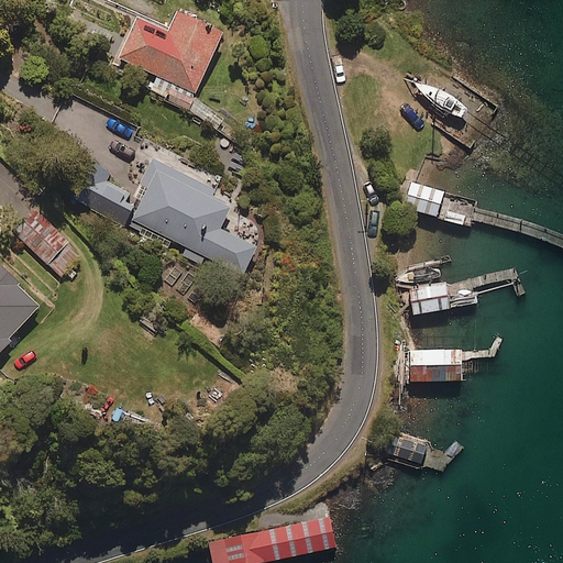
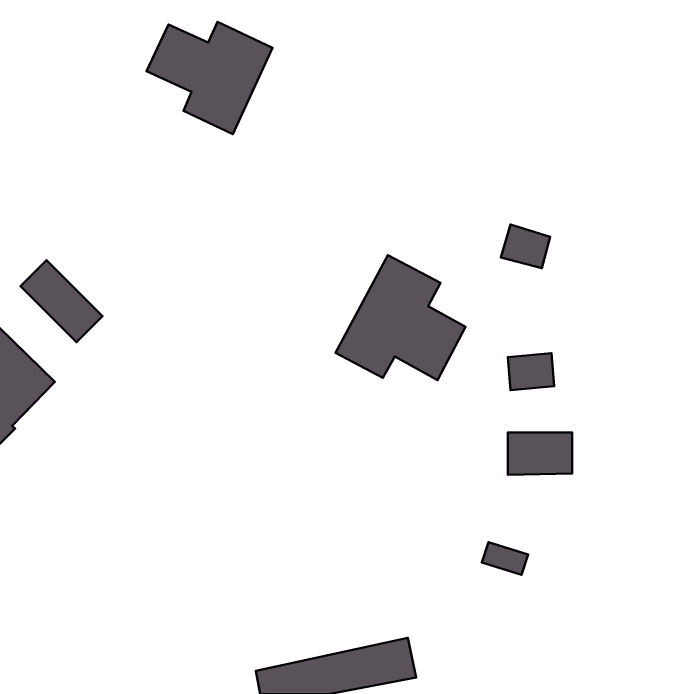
building: [131,161,254,276] -> none
building: [88,177,131,221] -> none
building: none -> [335,255,465,380]

